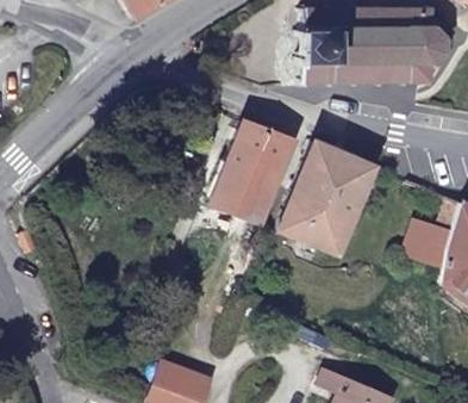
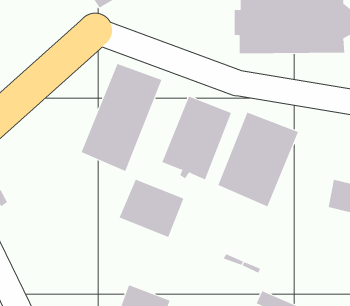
building: none -> [81,63,162,172]
building: none -> [119,179,184,238]

